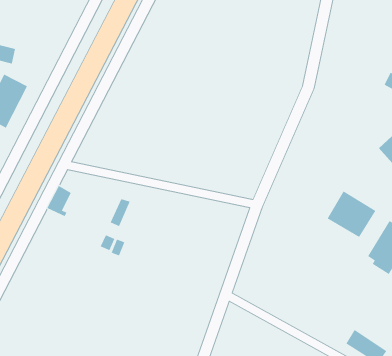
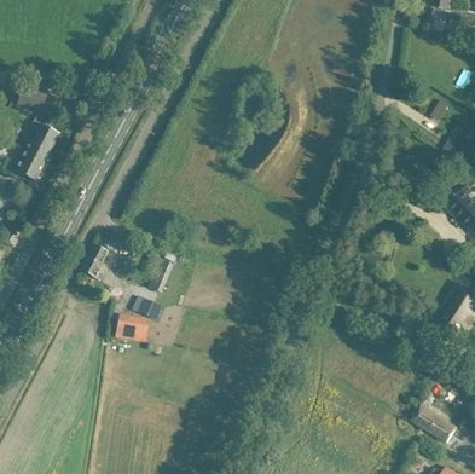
building: [327,191,376,238] -> none
building: none -> [117,314,150,341]

